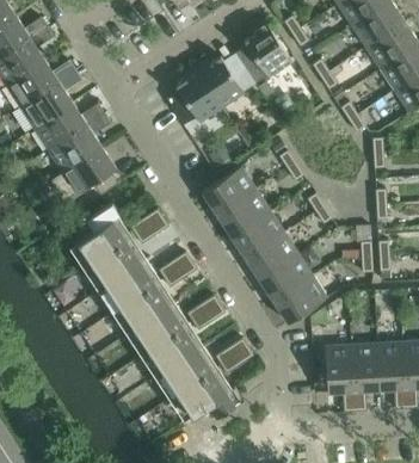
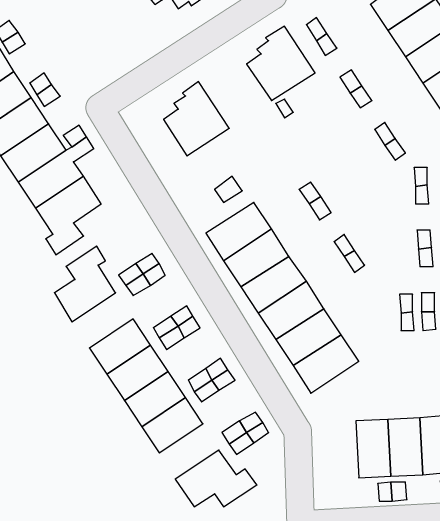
building: [196,54,255,106] -> none
building: [92,241,142,286] -> none
building: [164,348,212,394] -> none

